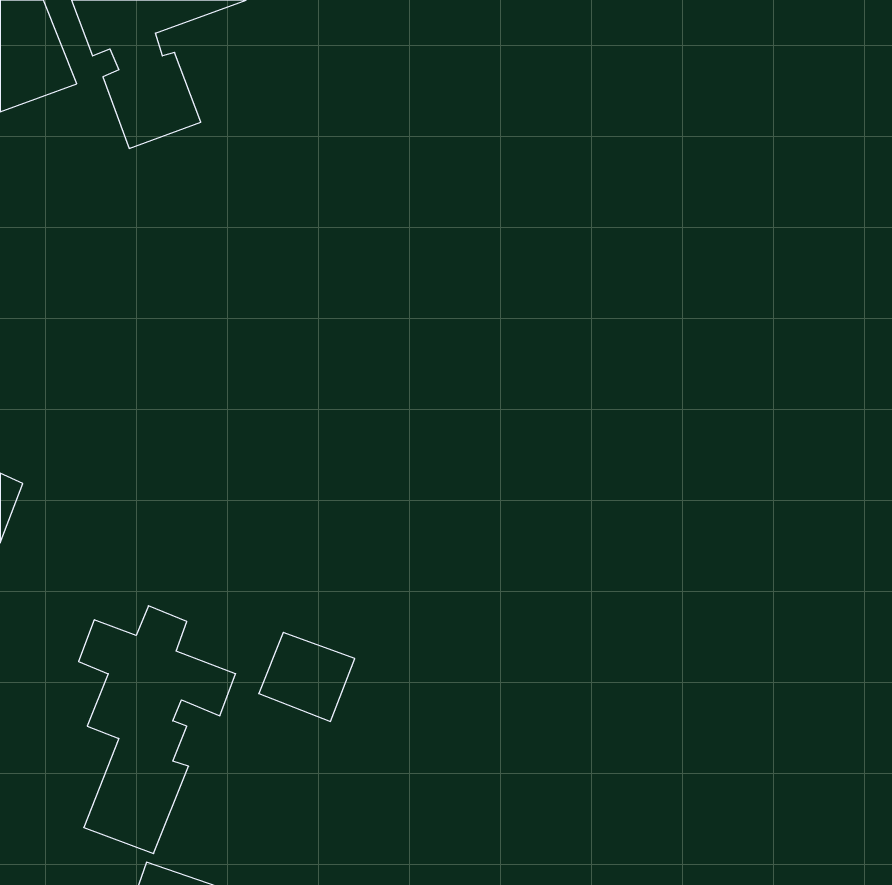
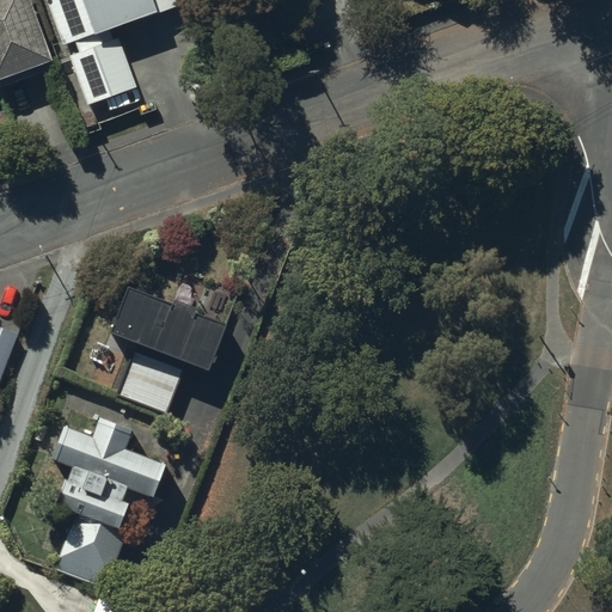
building: none -> [110,282,228,367]
building: [259,632,355,721] -> [117,353,183,414]

